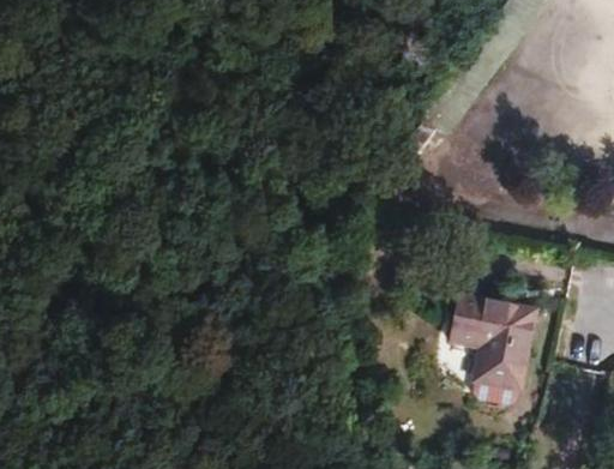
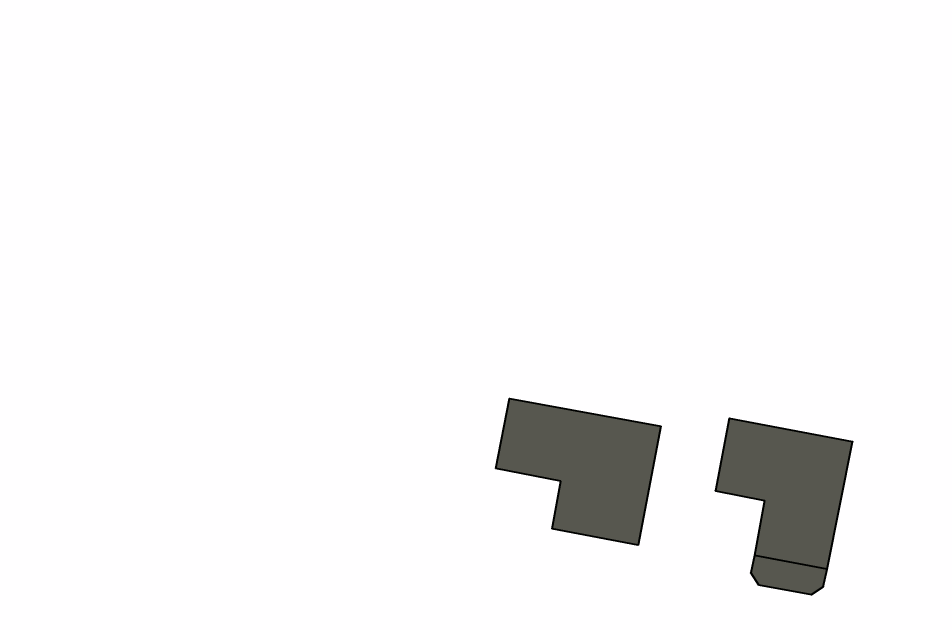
building: none -> [496,399,661,545]

